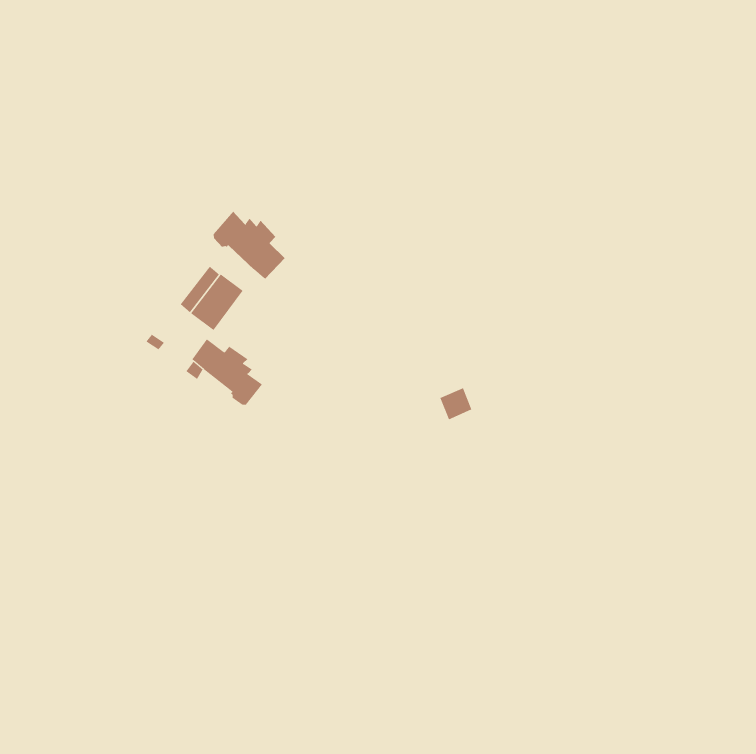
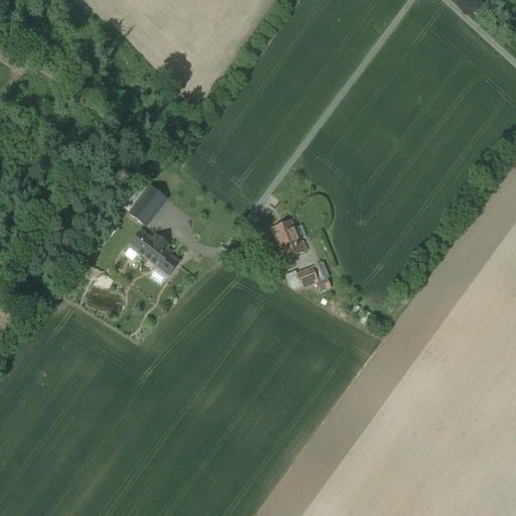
building: [213,211,286,280] -> none
building: none -> [273,220,308,259]

